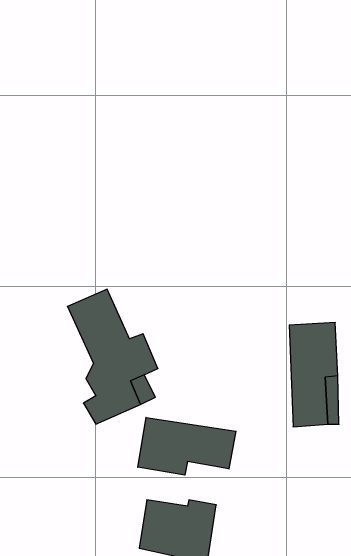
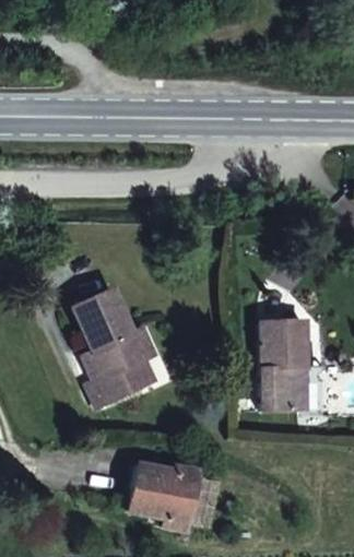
building: [138,417,236,475] -> none

